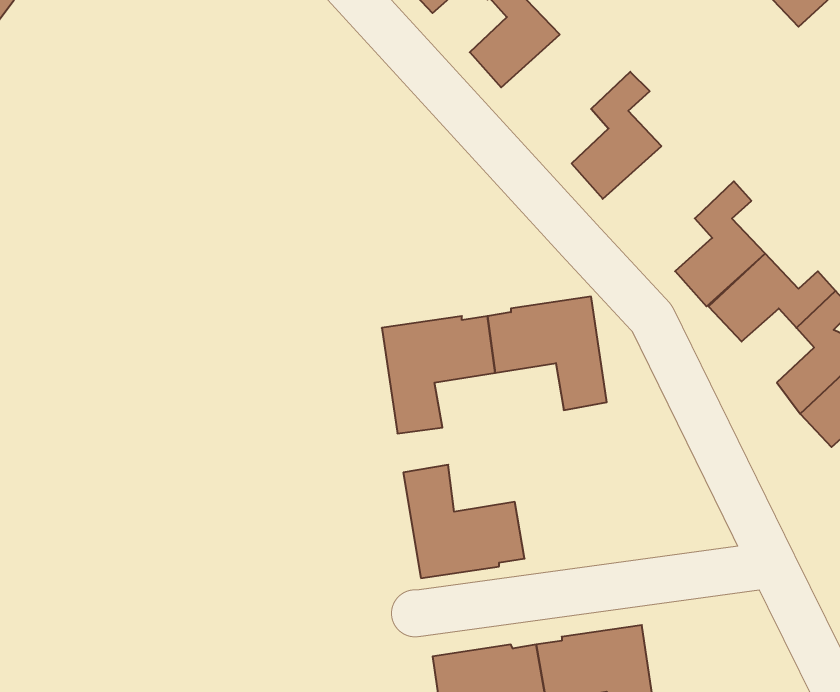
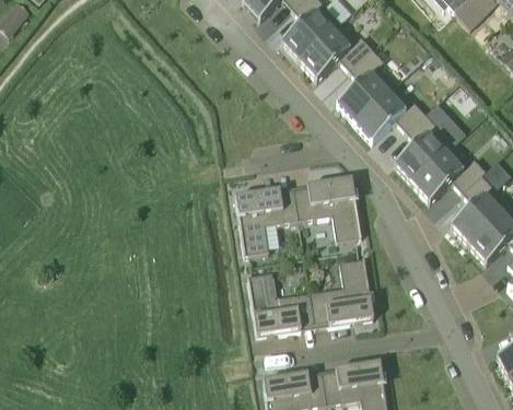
building: none -> [303,31,374,80]
building: none -> [360,93,432,142]
building: none -> [310,258,373,324]

